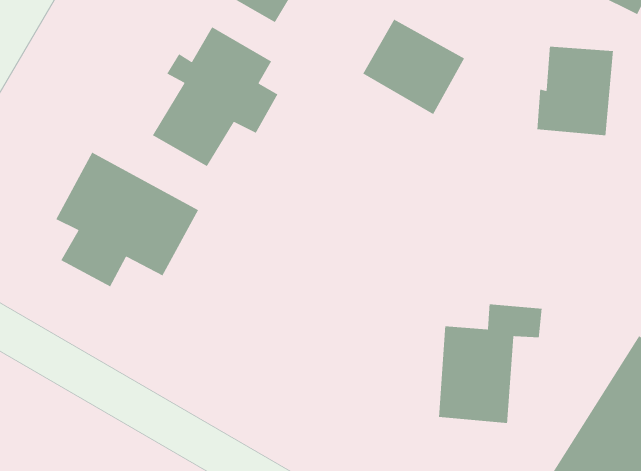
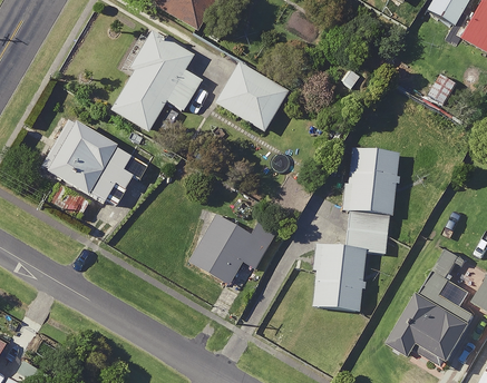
building: [362,18,465,115] -> [216,63,289,131]
building: [536,46,614,136] -> [343,151,398,215]
building: none -> [183,208,274,285]

